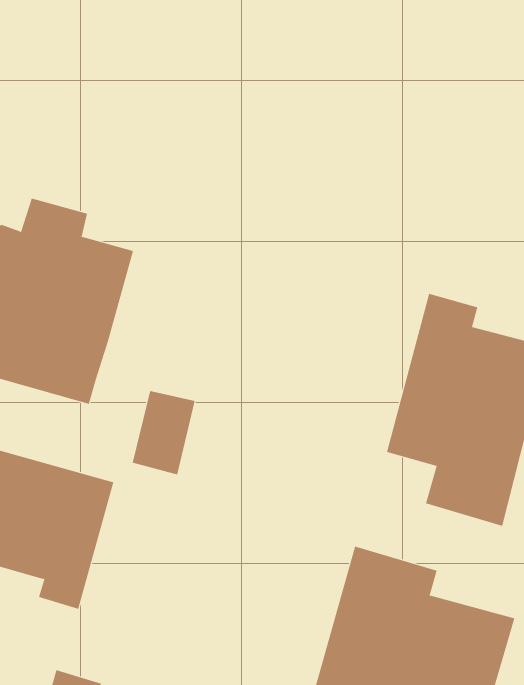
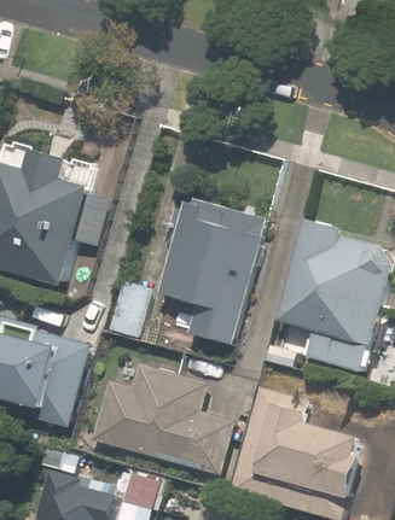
building: none -> [161,194,272,345]
building: none -> [94,362,234,474]

